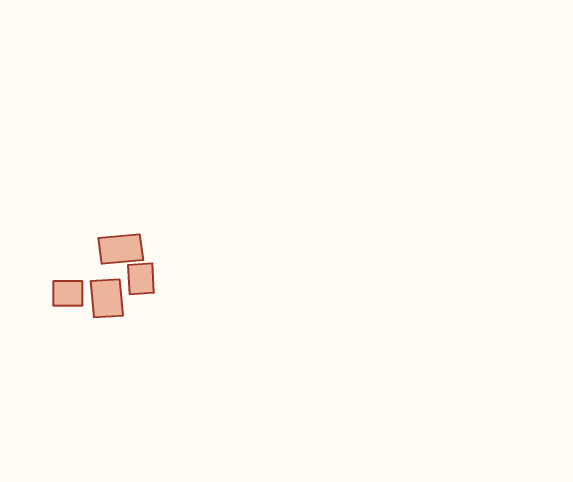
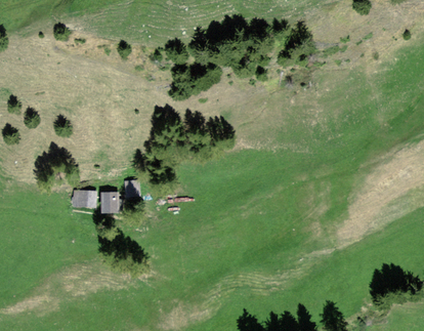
building: [98,234,143,264] -> none

